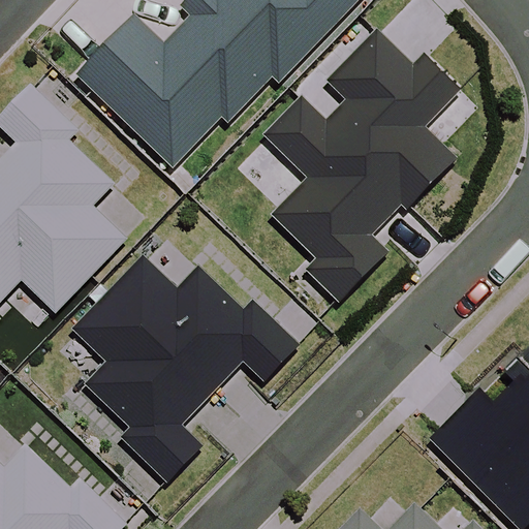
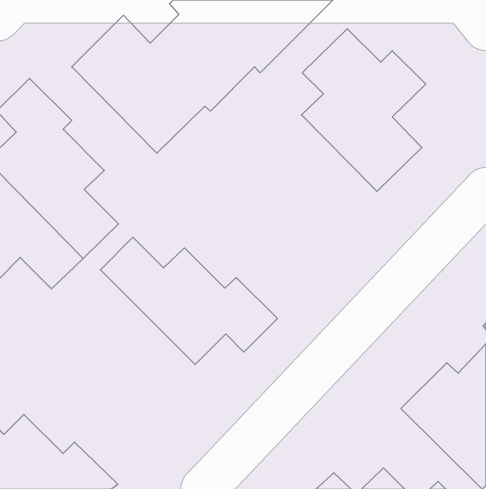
building: [263,99,403,301] -> none
building: [71,291,211,480] -> none

